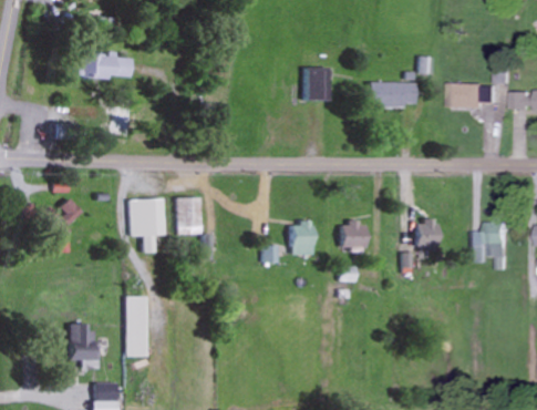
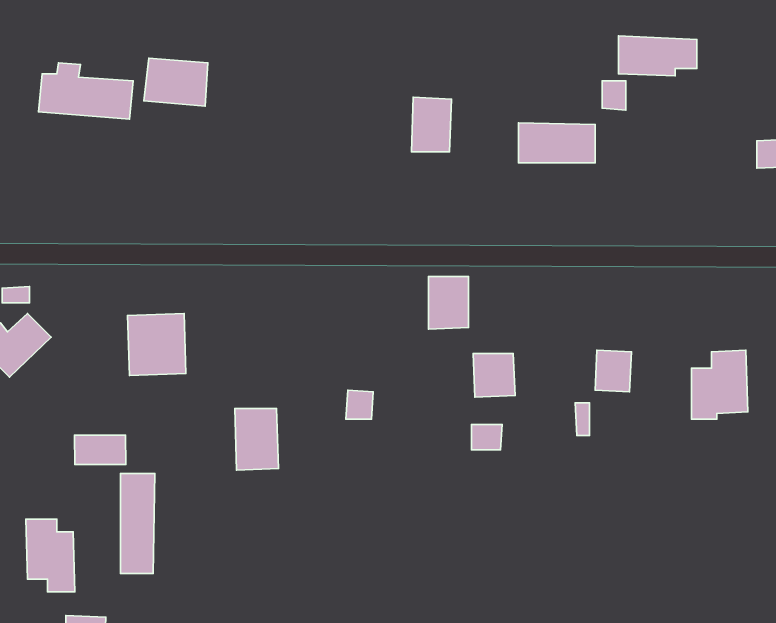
building: none -> [144,58,208,106]
building: [451,83,498,107] -> [619,36,697,76]
building: [177,197,204,235] -> [235,409,278,470]
building: [291,223,316,255] -> [429,277,469,329]
building: none -> [75,435,126,465]

